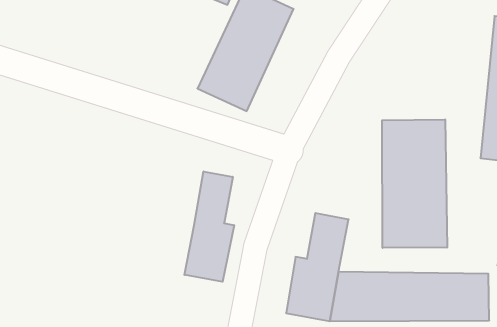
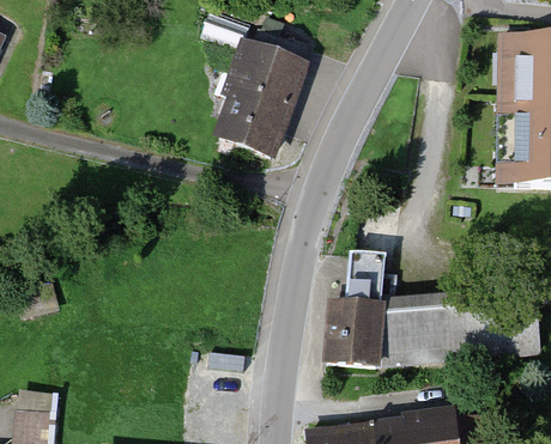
building: [382,119,447,248] -> none
building: [184,171,234,282] -> none

